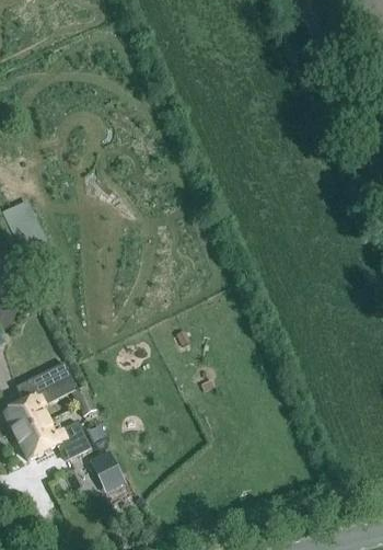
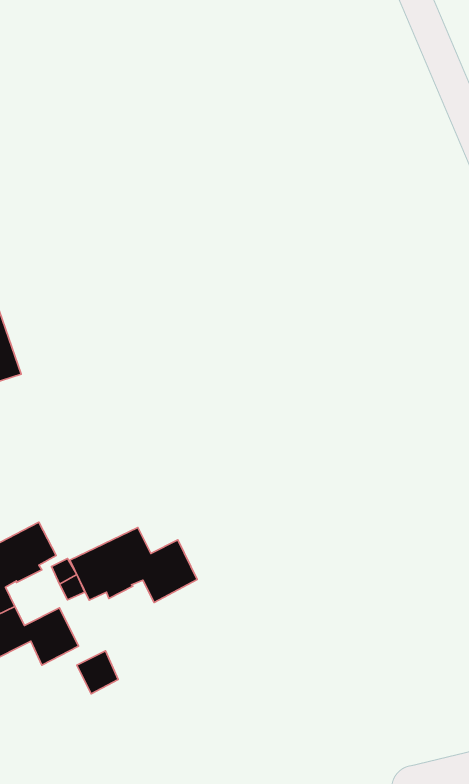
building: none -> [70,528,197,602]

